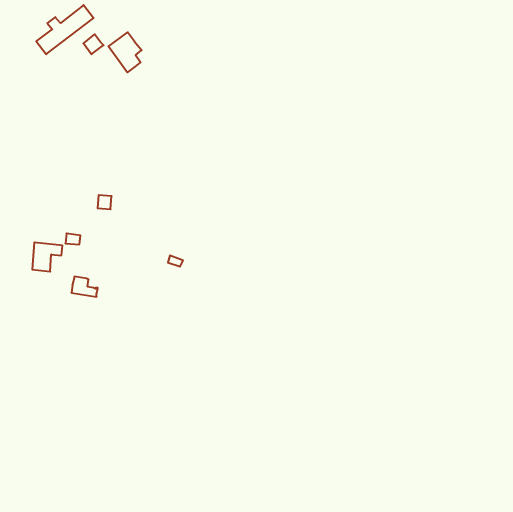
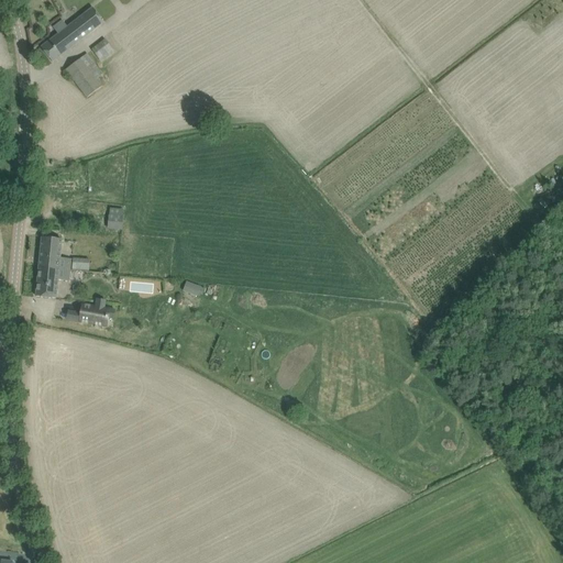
building: [108,32,142,72] -> [65,52,101,96]
building: none -> [37,235,69,268]

